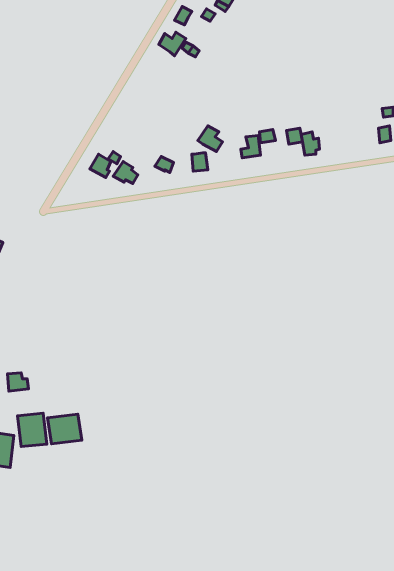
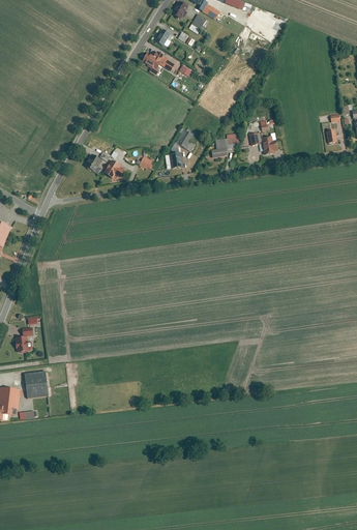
building: [48,414,82,444] -> none

